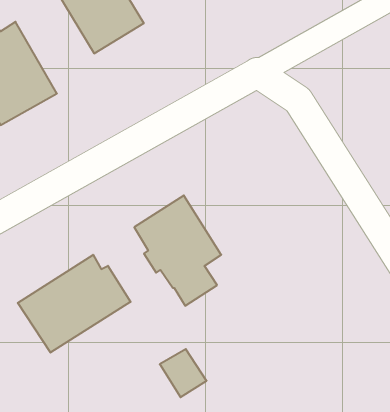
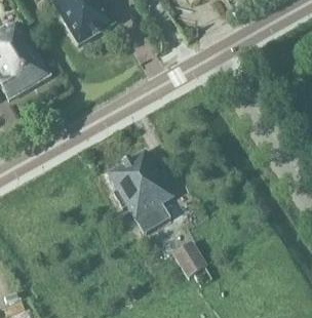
building: [18,255,131,353] -> none
building: [160,349,207,397] -> [172,241,207,277]

